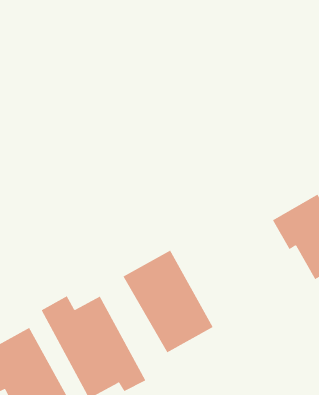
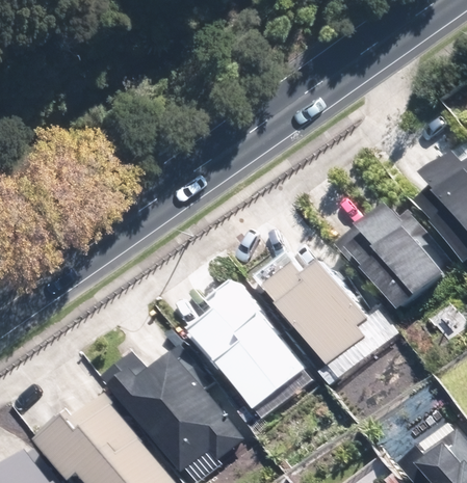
building: none -> [275,268,364,360]

